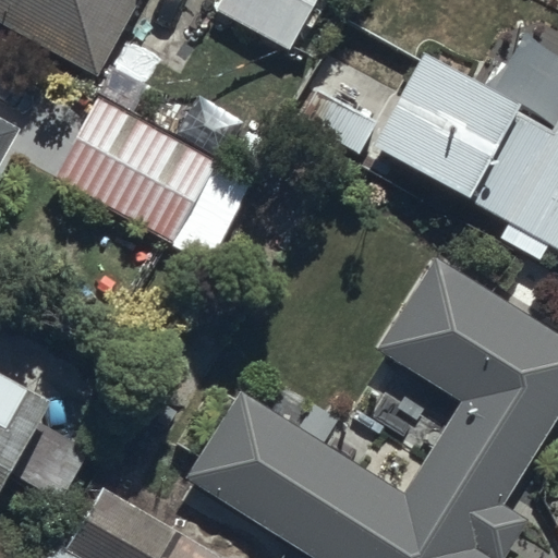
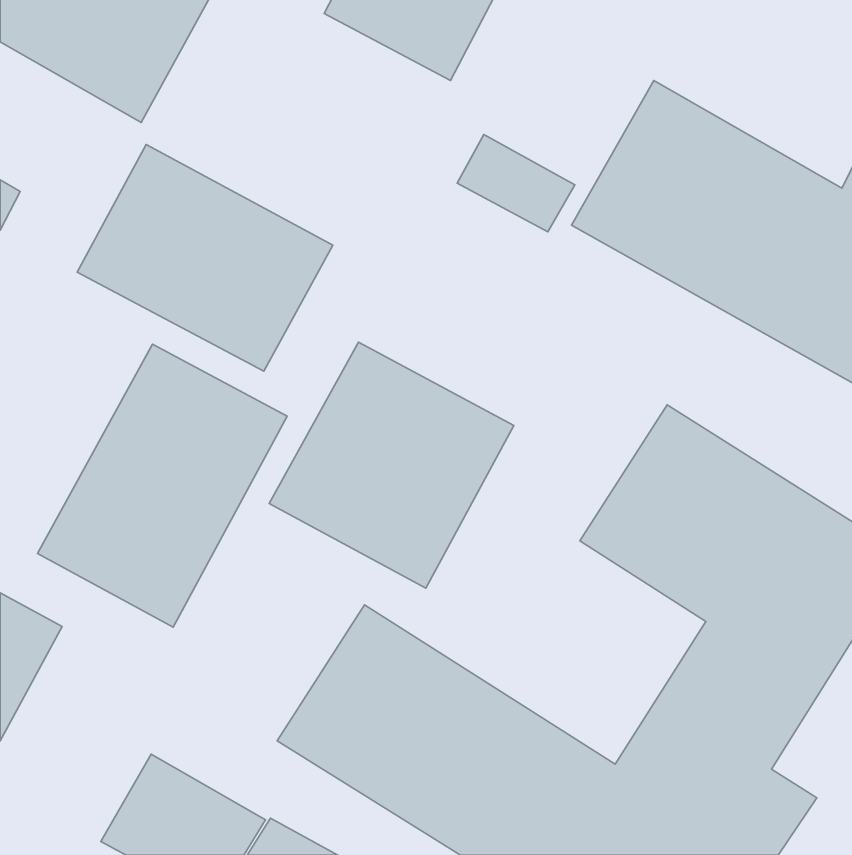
building: none -> [269,342,514,588]
building: none -> [37,344,287,627]

